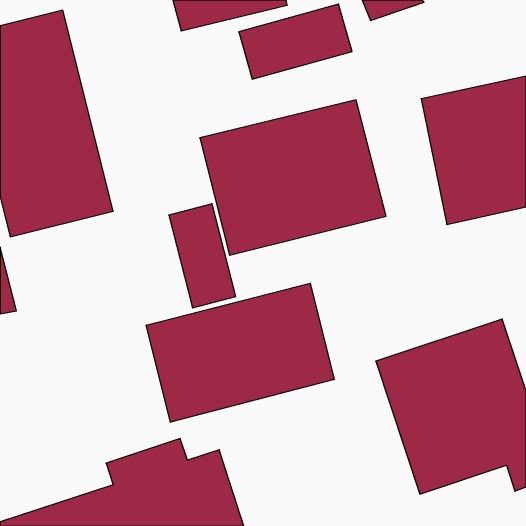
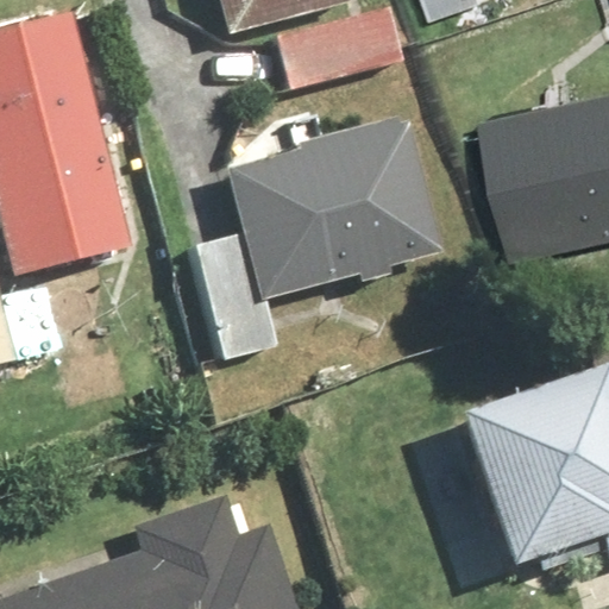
building: [146,283,334,422] -> none

